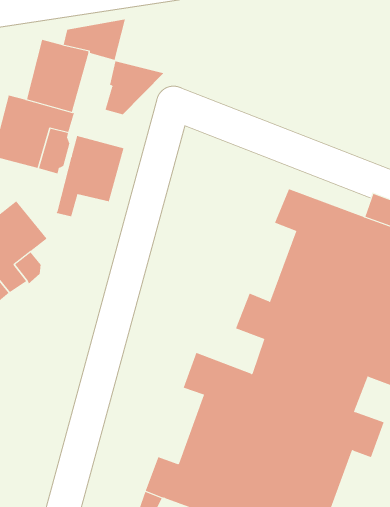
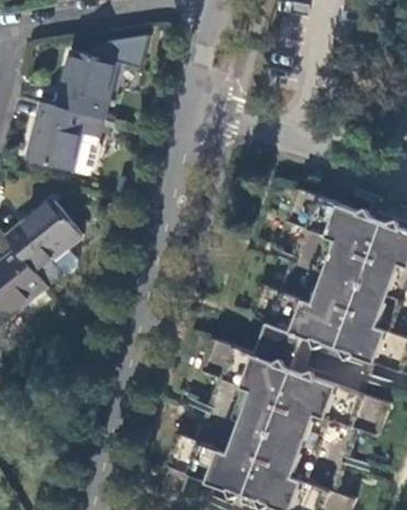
building: [105,60,164,115] -> none
building: [56,135,124,217] -> none

